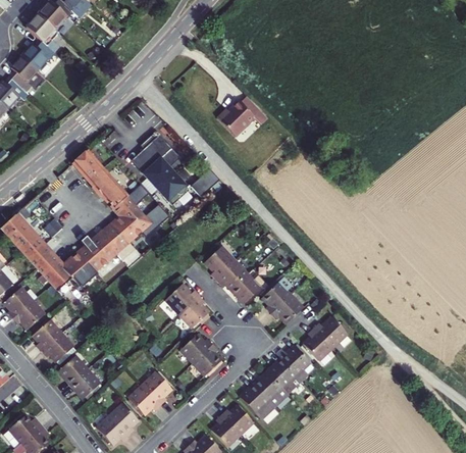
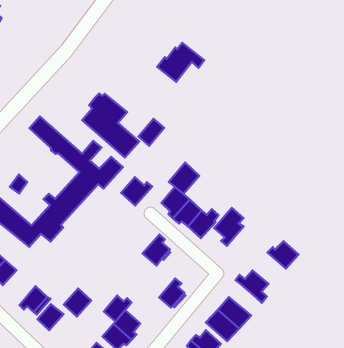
building: none -> [169,163,199,194]
building: [167,283,201,313] -> [121,177,152,206]
building: [271,297,302,324] -> none
building: [34,320,62,353] -> none
building: [303,328,331,360] -> none
building: [182,335,212,362] -> [104,296,131,322]
building: [267,358,302,393] -> none
building: [71,368,101,398] -> [64,289,91,316]

